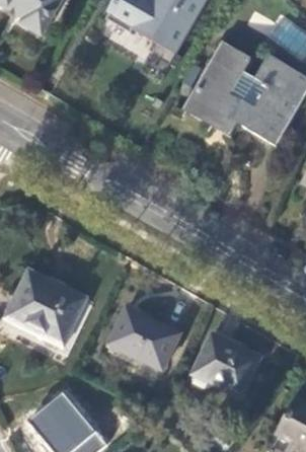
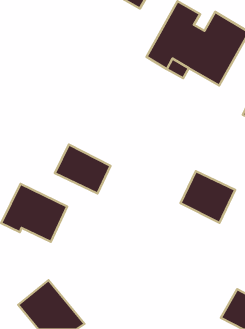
building: [108,308,177,369] -> [55,145,111,194]
building: [192,334,259,398] -> [180,171,235,223]

